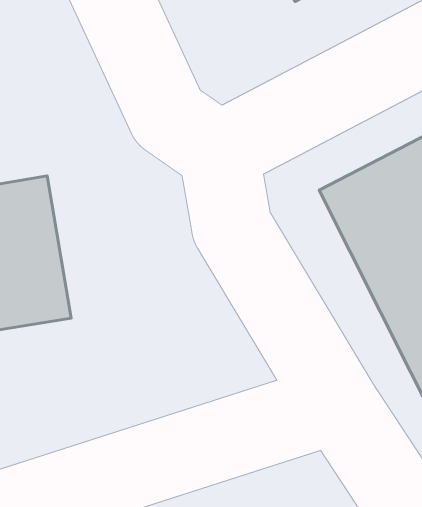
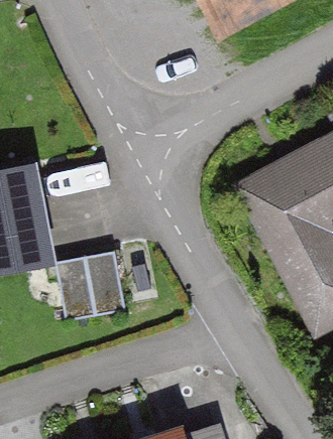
building: none -> [58,253,136,325]

